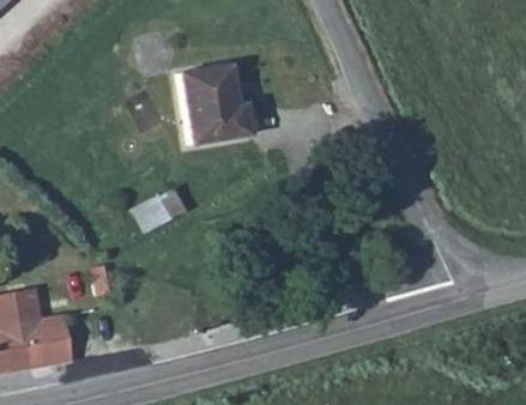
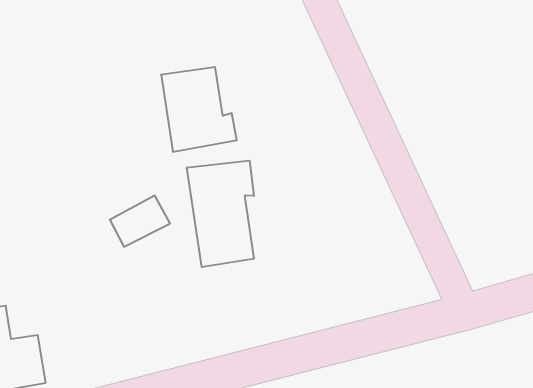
building: none -> [187,161,254,267]

